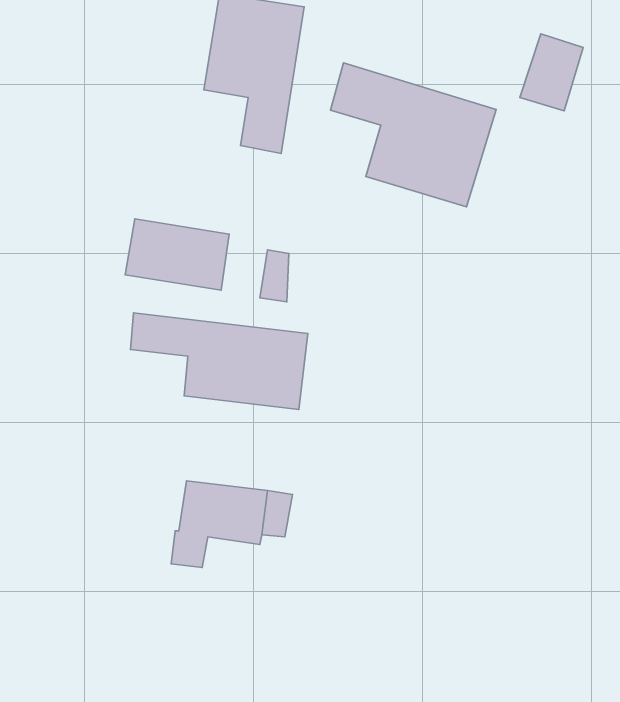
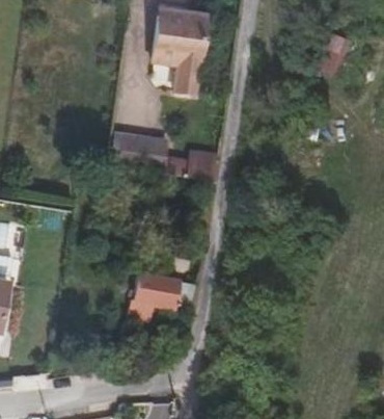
building: [330,63,496,207] -> none
building: [131,313,308,409] -> none

